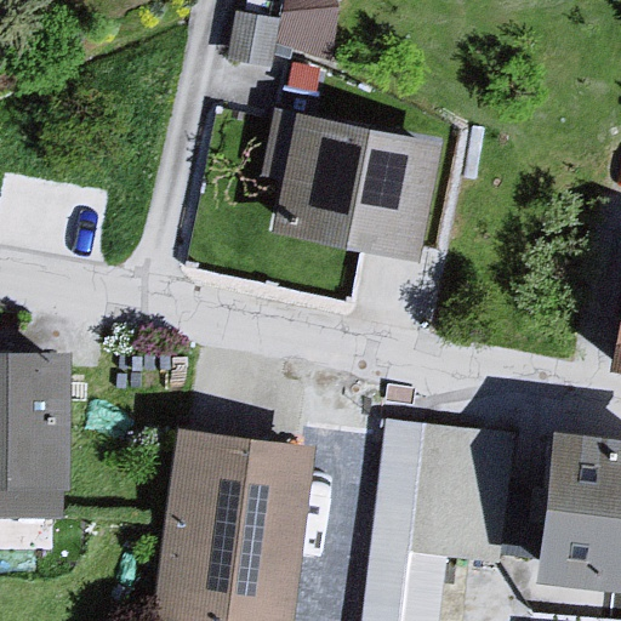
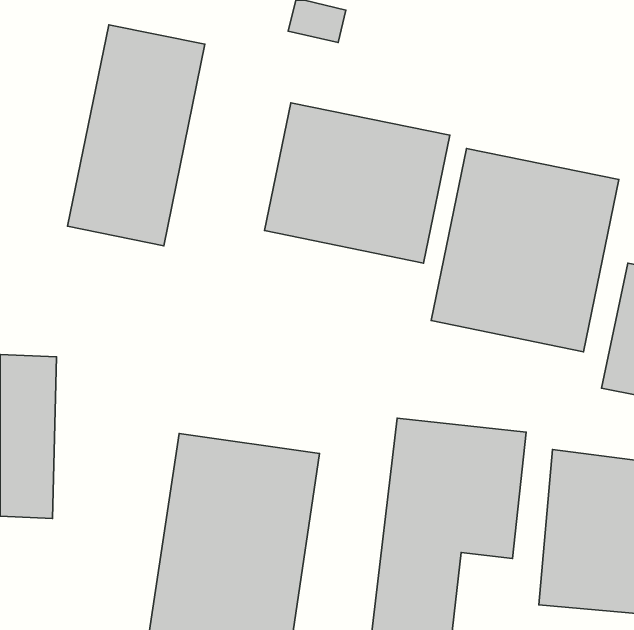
building: none -> [68,25,205,246]
building: none -> [431,149,619,352]

